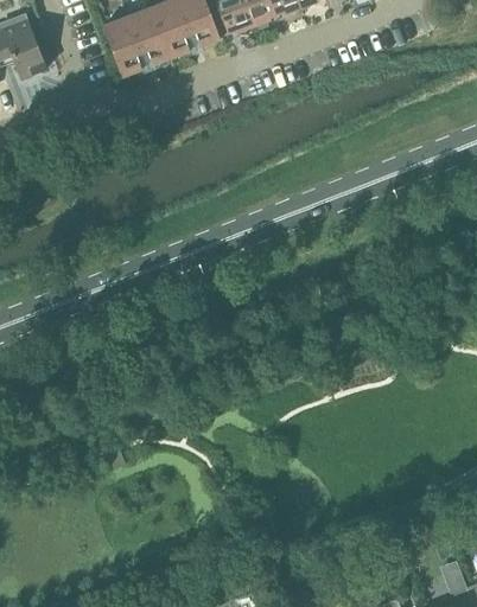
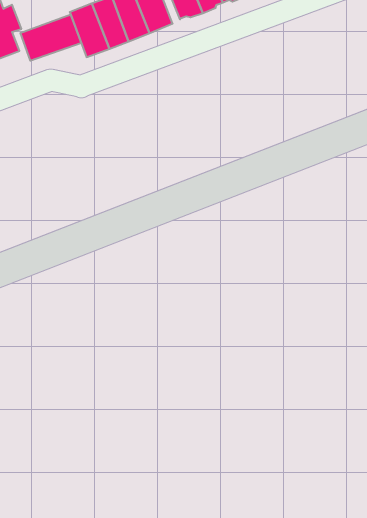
building: none -> [20,14,81,61]

